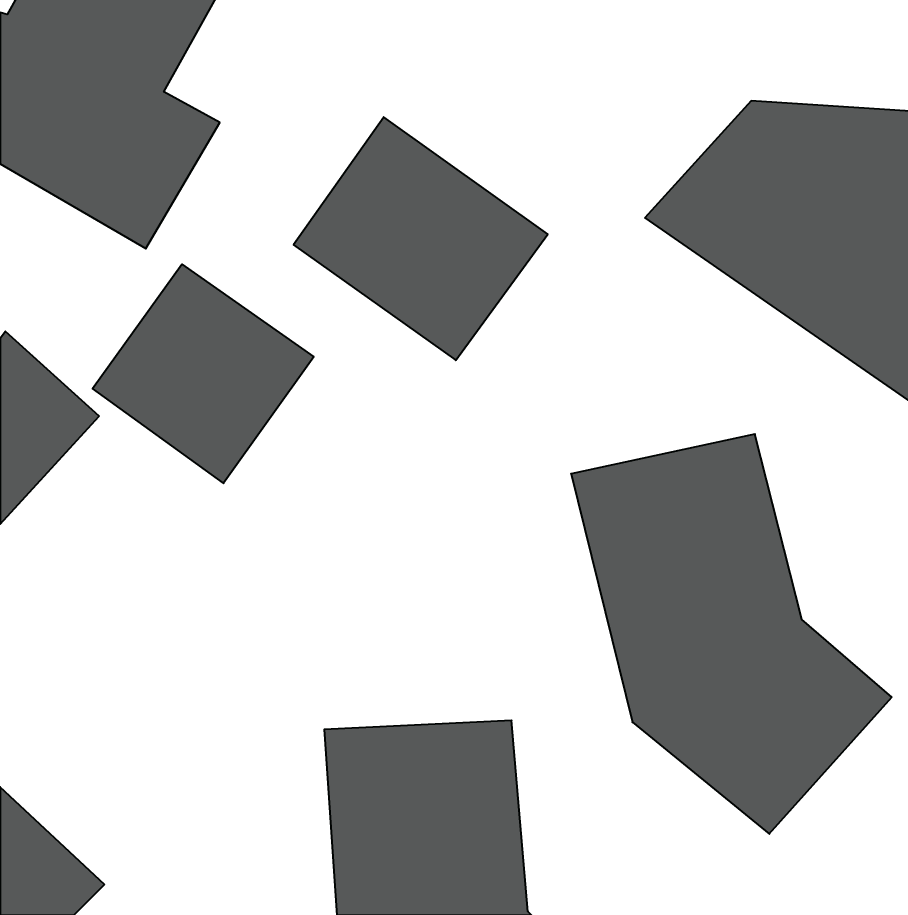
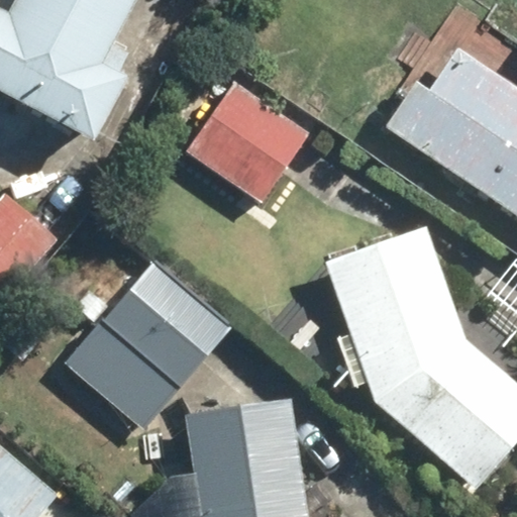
building: [93,264,314,483] -> none
building: none -> [65,260,241,435]

